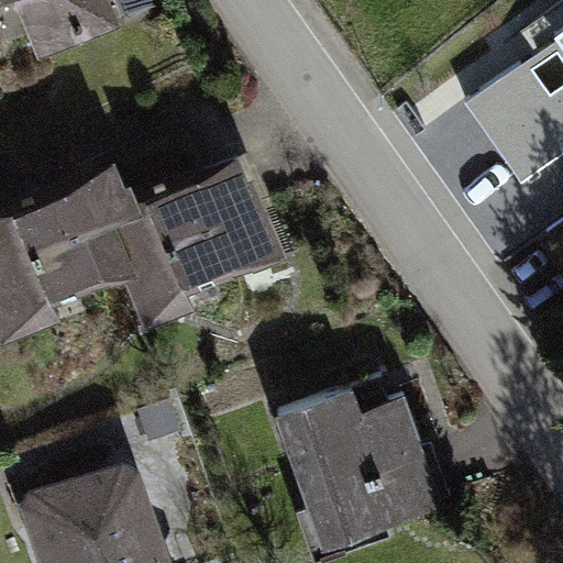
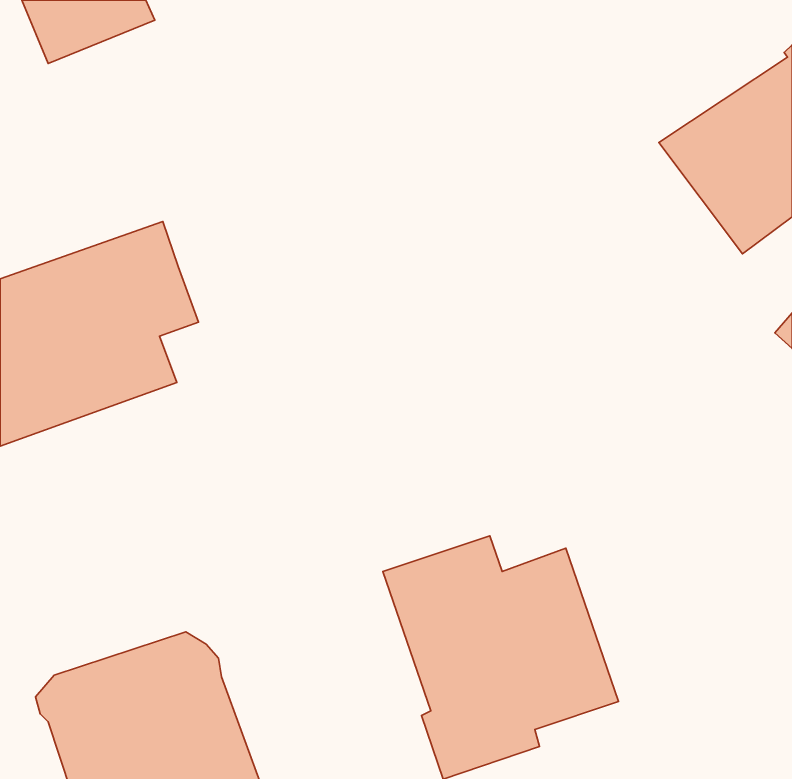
building: [113,156,283,317] -> none

